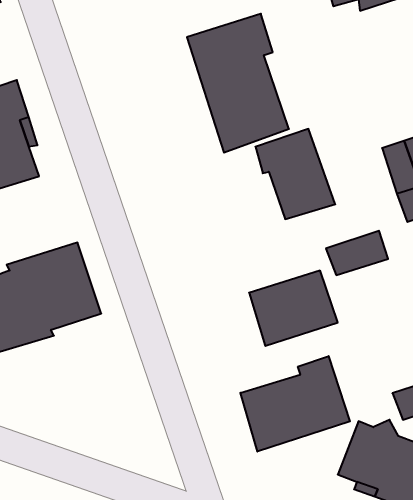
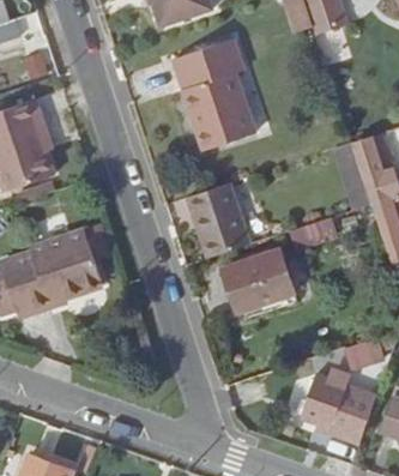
building: [255,129,335,219] -> [188,181,253,254]
building: [240,356,350,452] -> none

